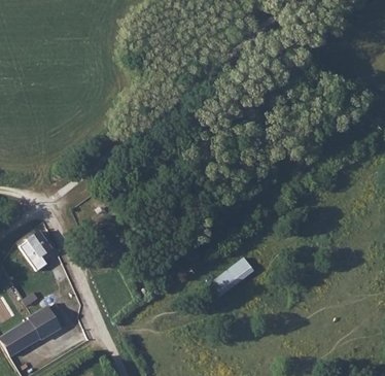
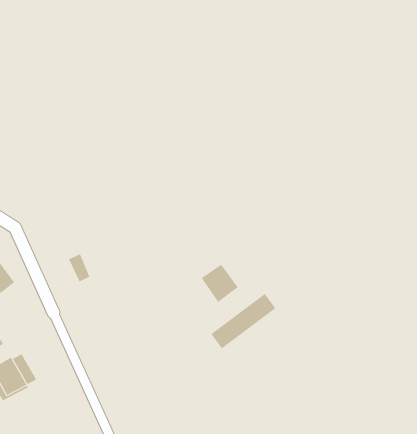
building: none -> [200,264,238,303]

